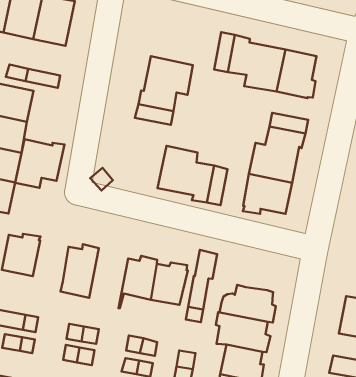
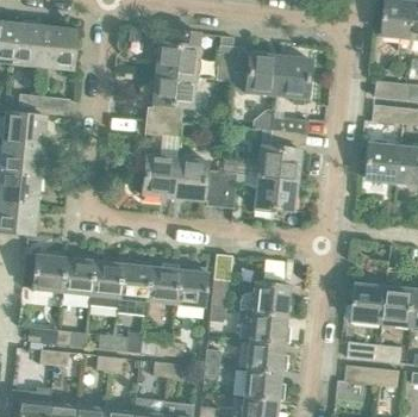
building: none -> [152,31,200,79]
building: [15,139,64,188] -> none
building: none -> [142,155,175,198]
building: none -> [61,255,93,294]
building: none -> [116,260,149,315]

